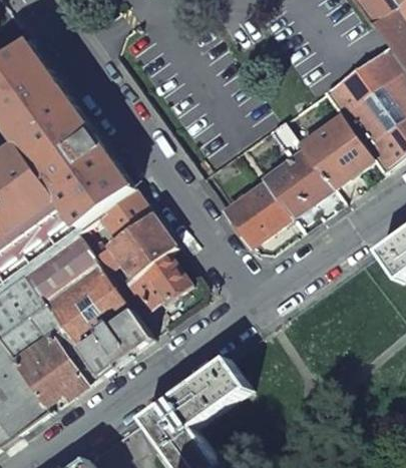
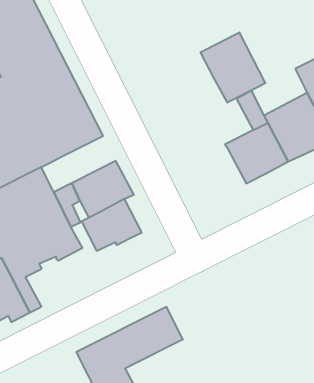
building: none -> [200,32,265,103]
building: [224,181,290,246] -> none
building: [82,189,151,241] -> none
building: [76,309,150,376] -> none

